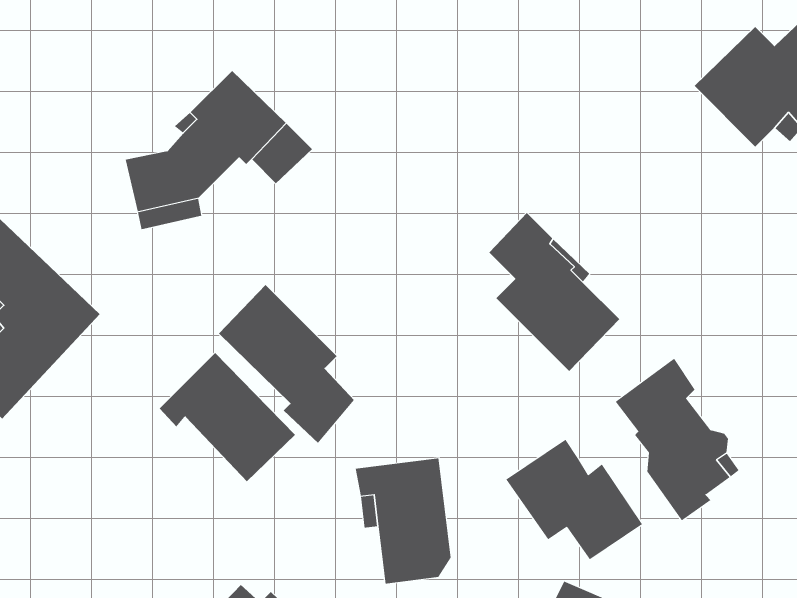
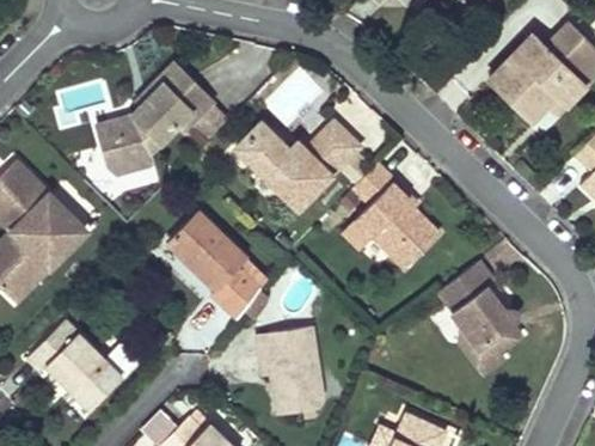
building: none -> [237,121,357,207]
building: [159,352,296,482] -> [27,319,121,408]
building: [506,439,643,560] -> none

